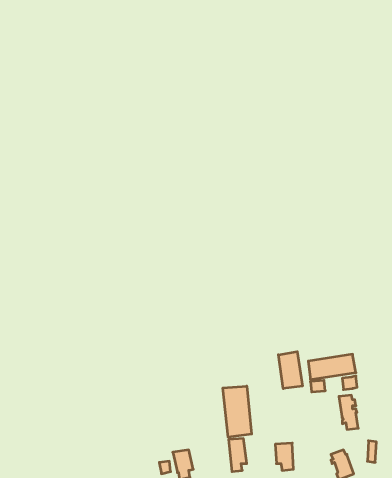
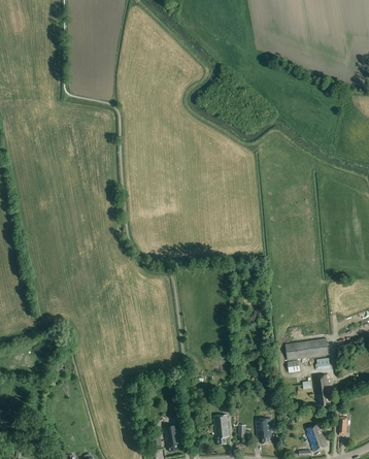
building: [278,352,302,389] -> none
building: [223,386,252,437] -> none

